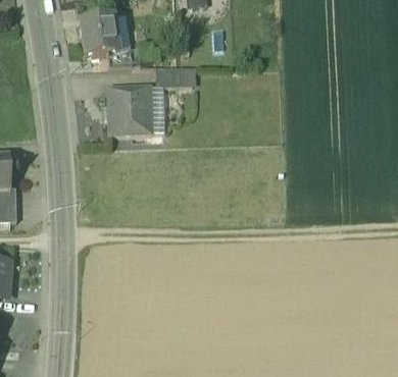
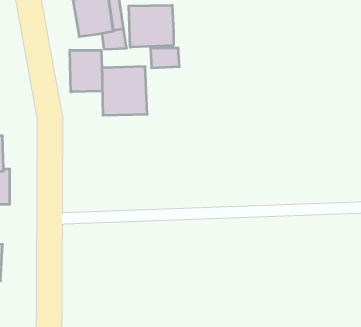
building: none -> [129,5,173,47]
building: none -> [70,50,102,92]

